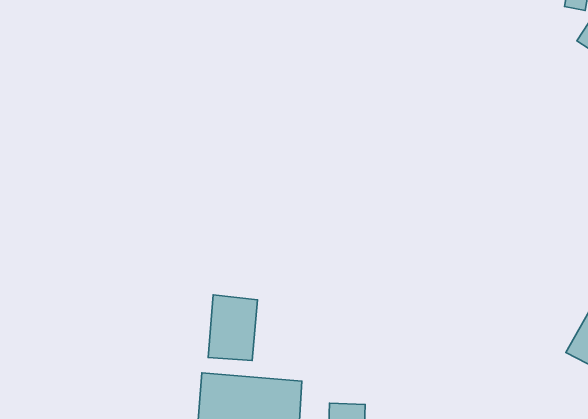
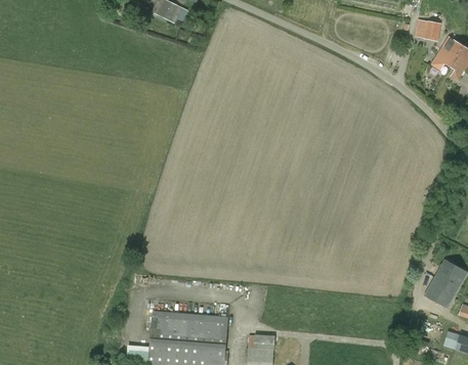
building: [208,295,257,360] -> none

